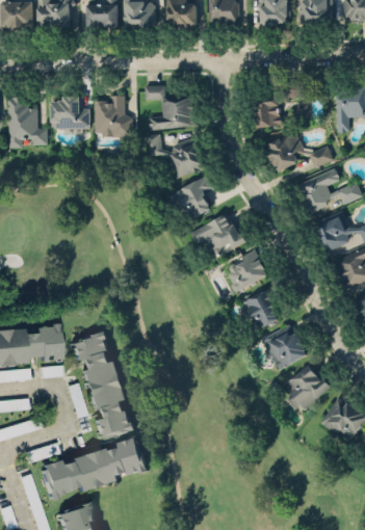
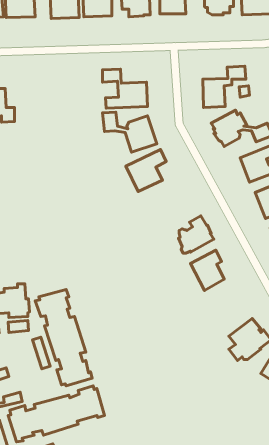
building: [50,95,89,128] -> none
building: [94,95,132,136] -> none
building: [189,212,249,259] -> none
building: [262,324,306,369] -> none

